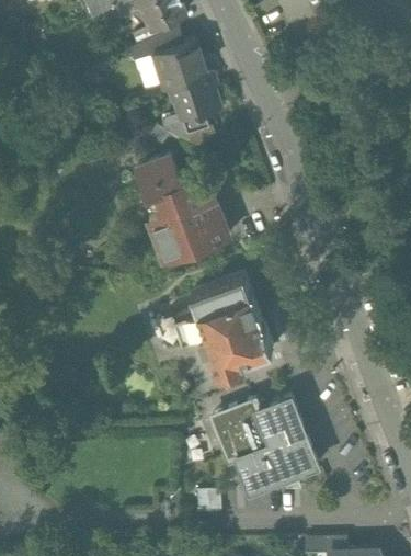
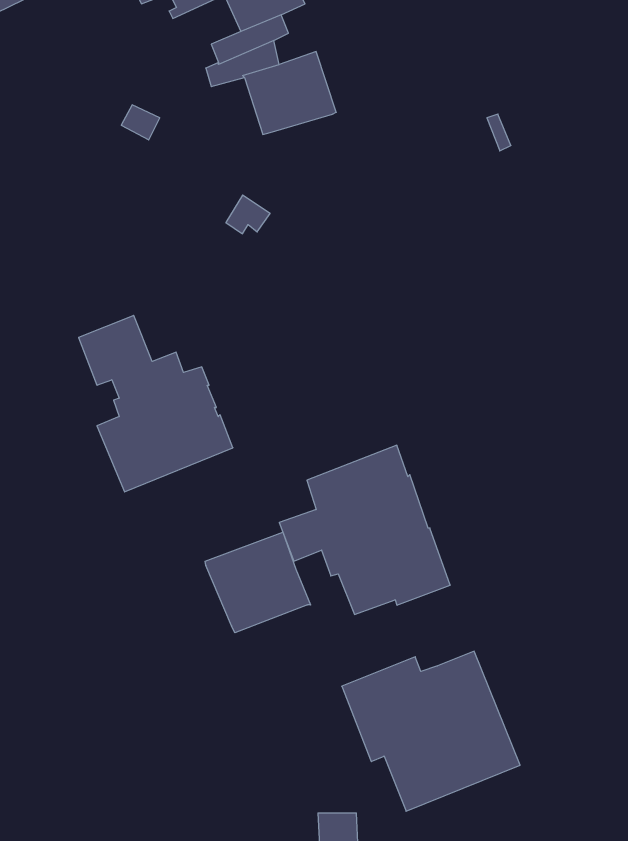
building: [162,78,219,137] -> none
building: [136,157,228,262] -> [79,315,233,492]
building: none -> [205,532,311,633]

